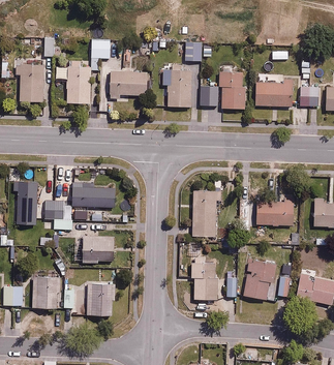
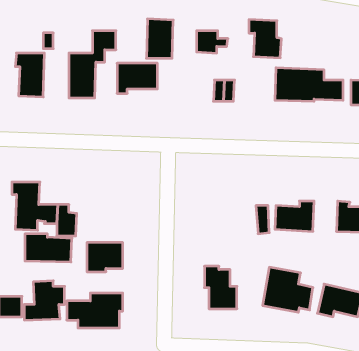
building: [168,70,192,107] -> [146,19,173,58]
building: [217,72,247,108] -> [249,20,281,58]
building: [72,182,116,208] -> [25,234,72,262]
building: [191,190,221,237] -> none

